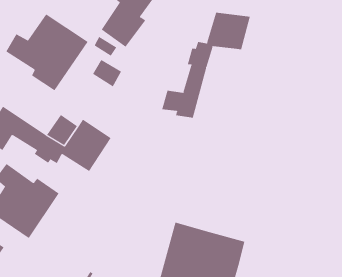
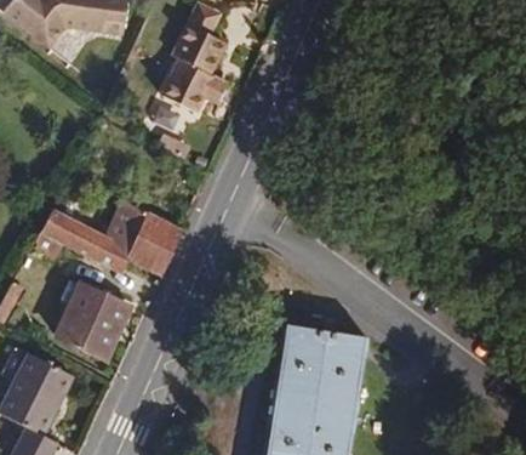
building: [161,12,251,118] -> none
building: [5,13,88,91] -> none

